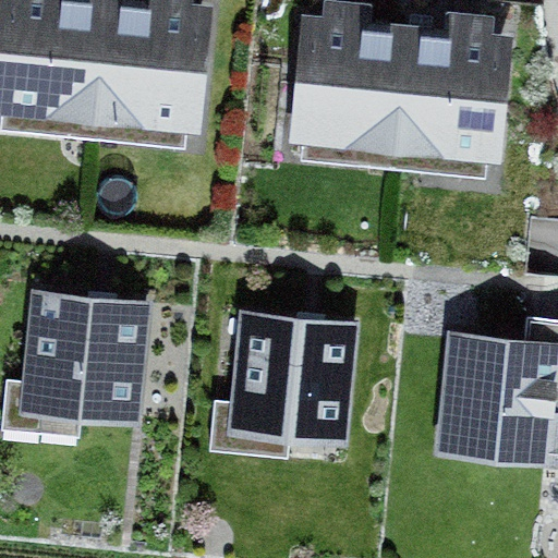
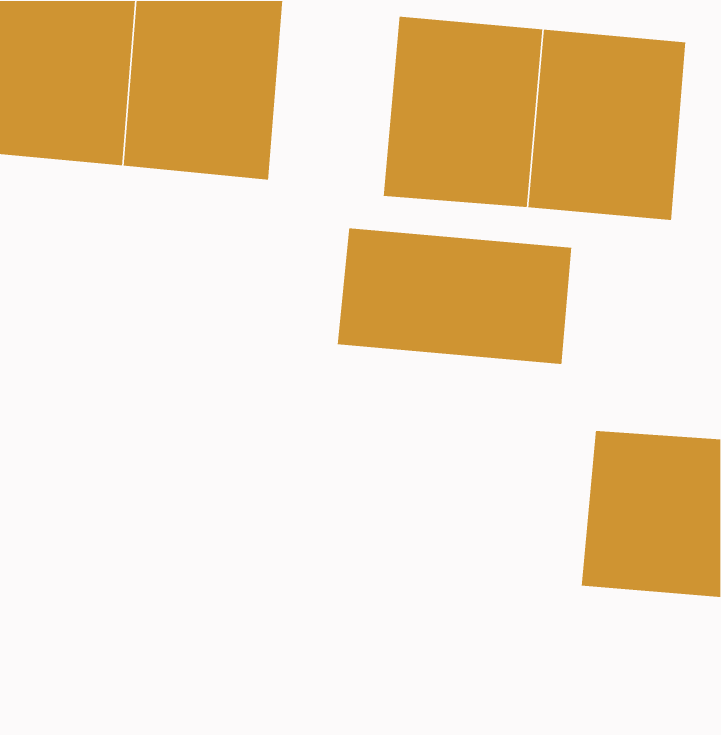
building: none -> [337,228,572,365]
building: [16,286,153,418] -> none
building: [226,312,352,445] -> none

